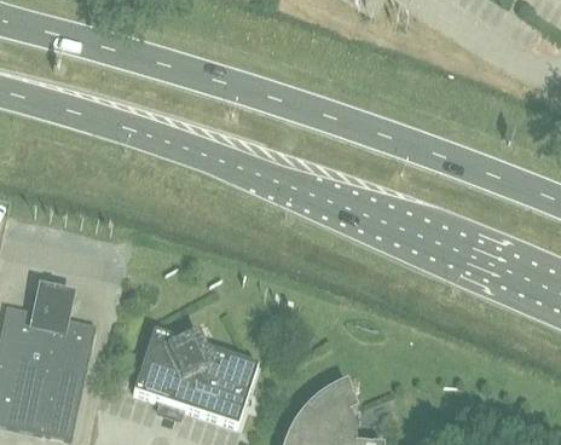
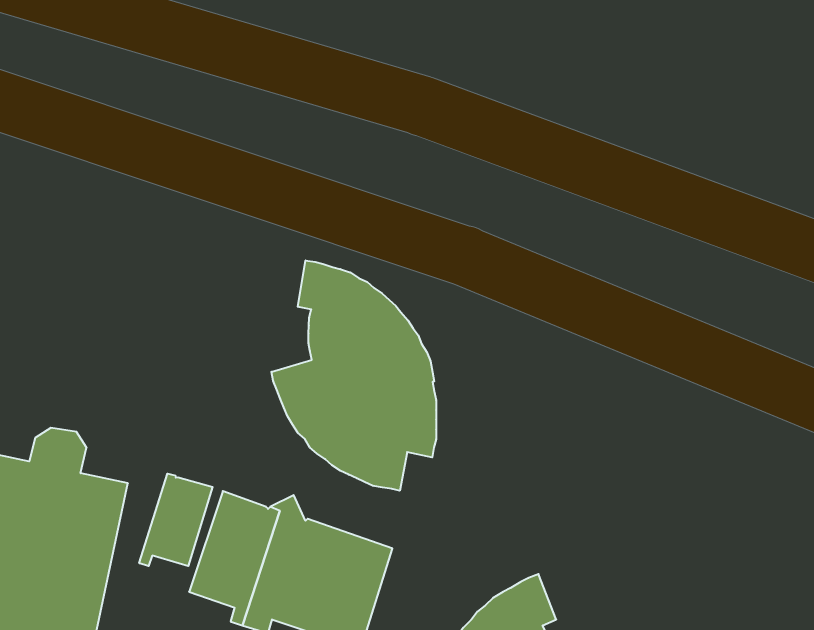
building: none -> [271,260,436,491]
building: none -> [139,474,213,566]

